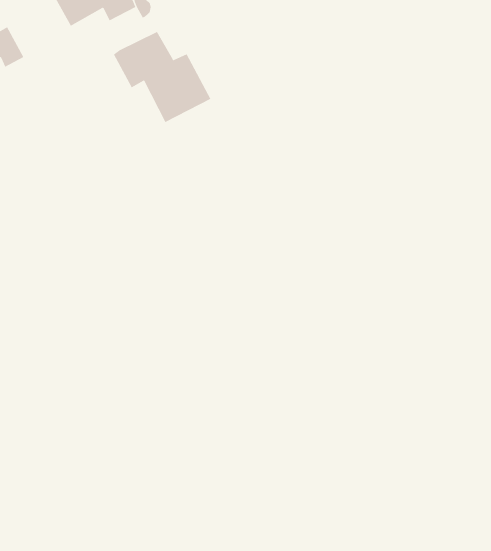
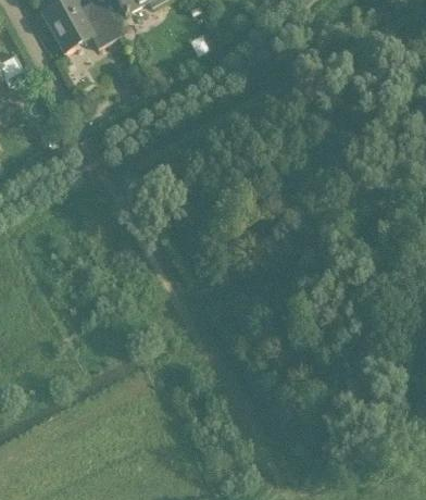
building: [113,31,211,123] -> none

